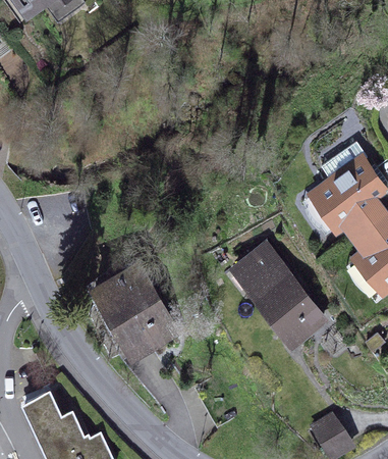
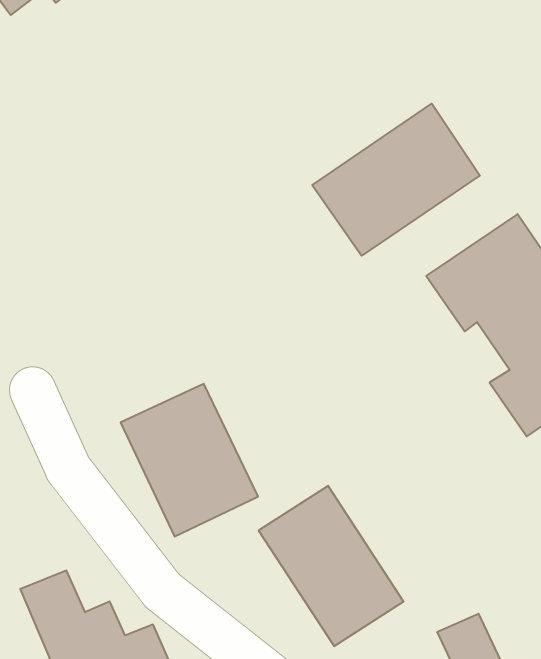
building: none -> [312,104,480,256]
building: [229,247,325,353] -> [259,486,404,646]

